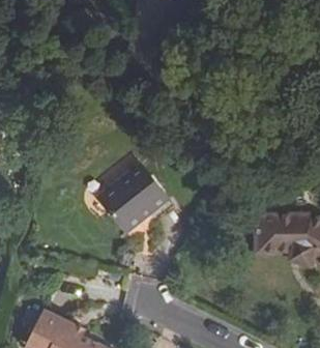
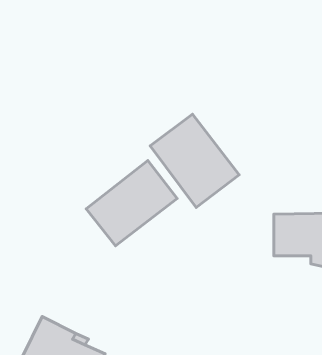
building: none -> [150,114,239,208]

